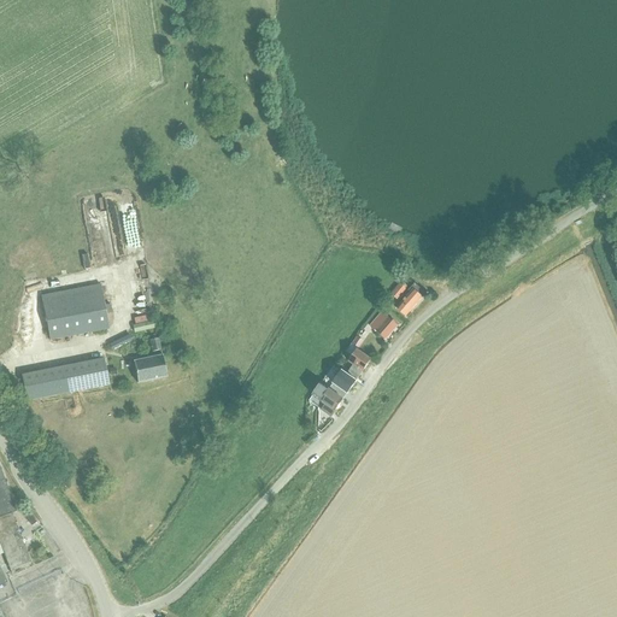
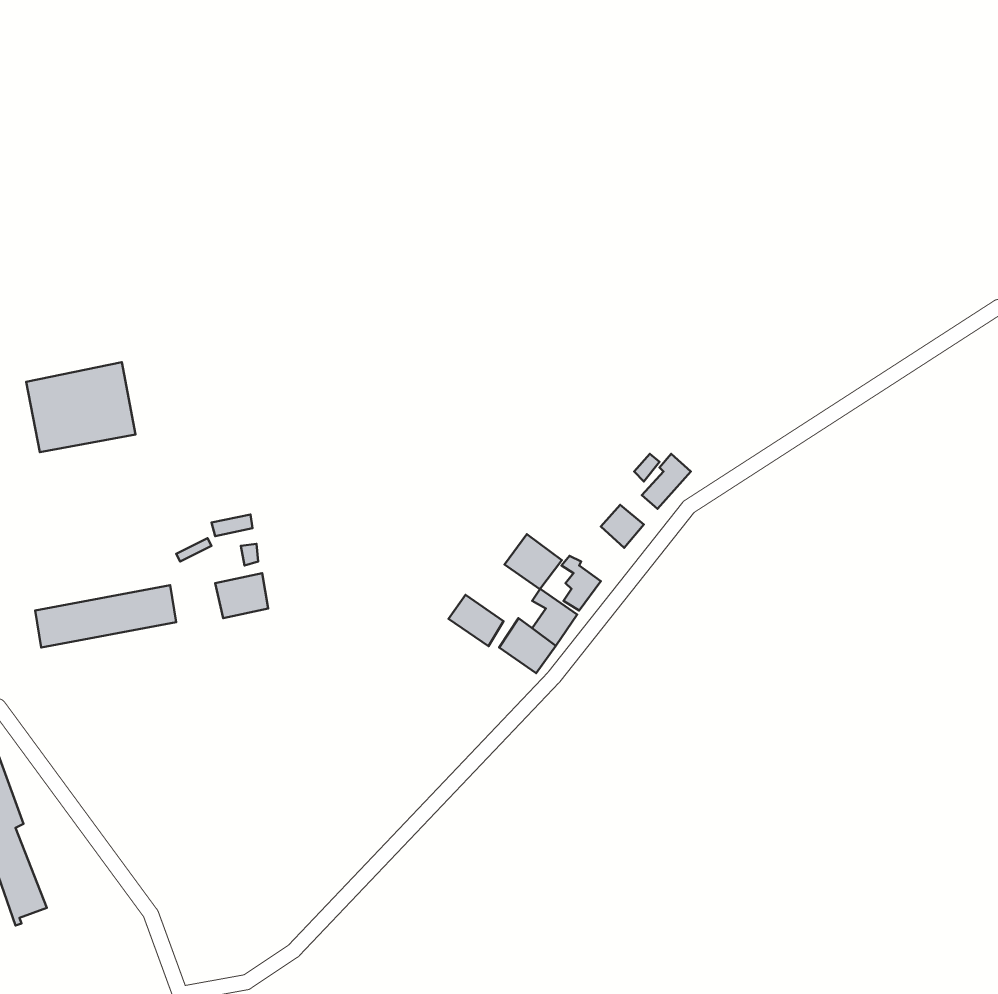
building: [40,281,107,336] -> [26,362,136,452]
building: none -> [505,534,562,589]
building: none -> [448,595,504,646]

